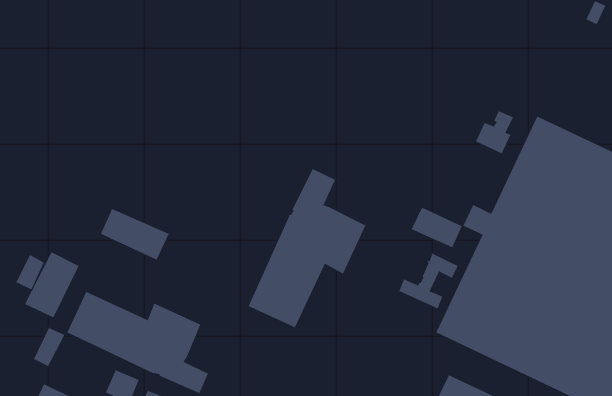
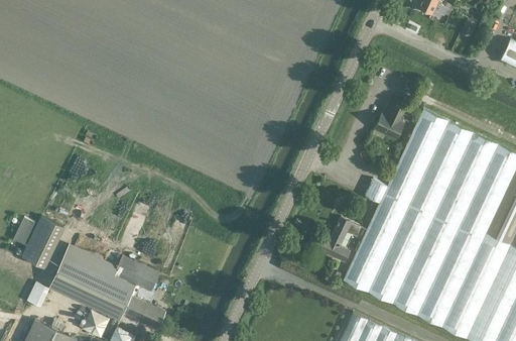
building: [248,168,366,328] -> none
building: [411,207,463,248] -> none
building: [100,208,169,260] -> none

